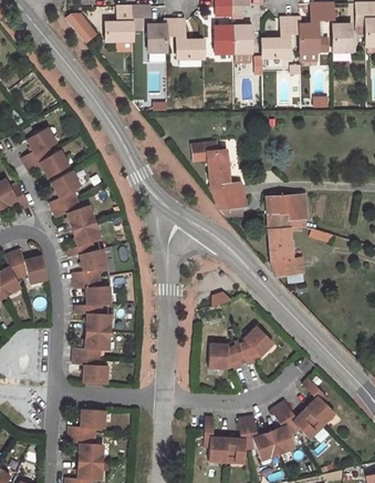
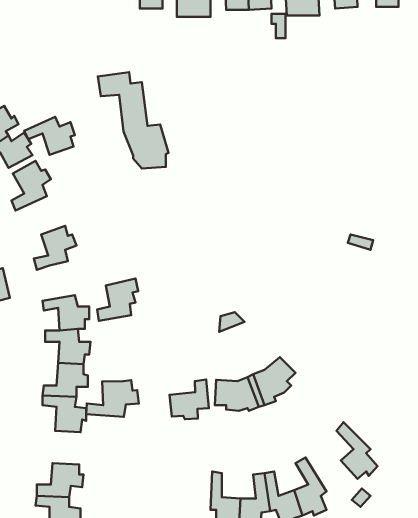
building: [192,142,248,217] -> [98,72,169,168]
building: [268,195,308,282] -> none
building: [52,199,92,229] -> [24,117,75,155]
building: [72,248,104,281] -> [97,278,138,321]
building: none -> [169,379,209,419]
building: none -> [86,380,139,417]
building: [279,400,320,436] -> none

